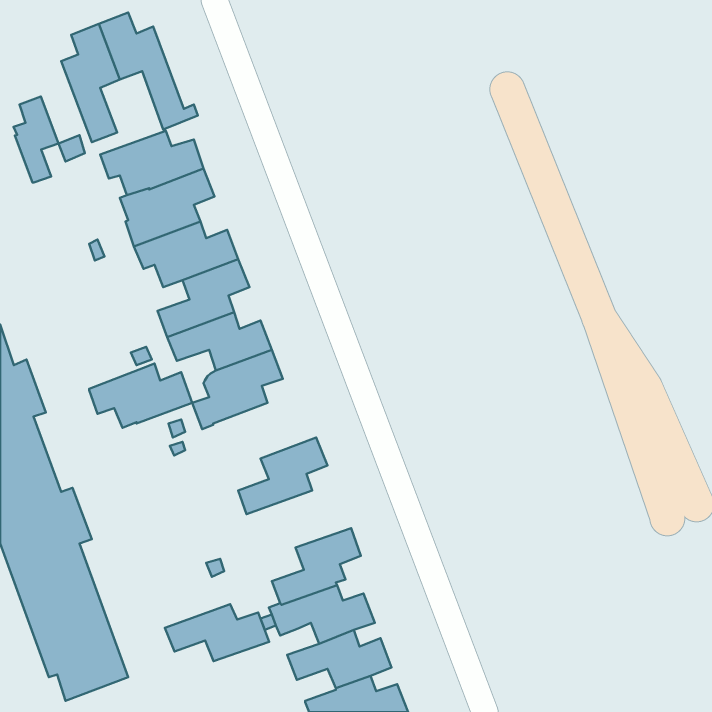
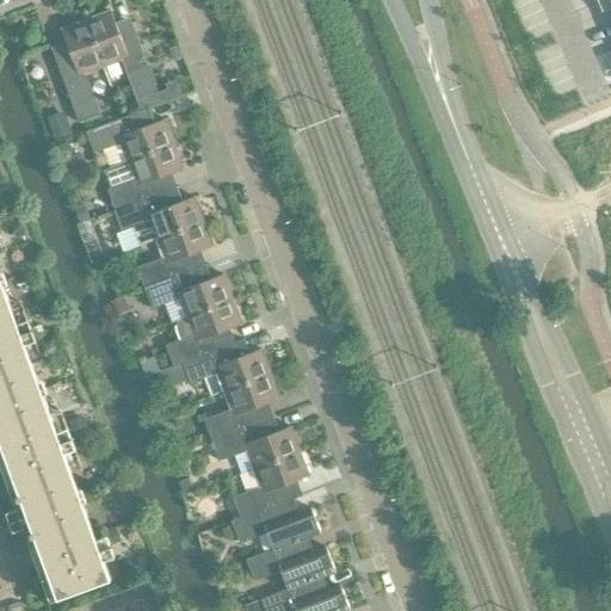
building: [14,97,59,183] -> none
building: [89,364,192,428] -> [183,341,271,396]
building: [165,604,269,661] -> [211,420,301,469]

